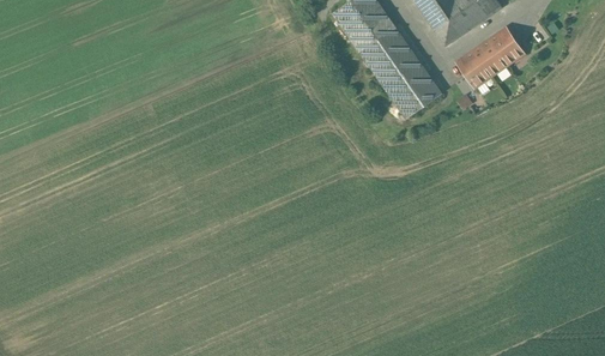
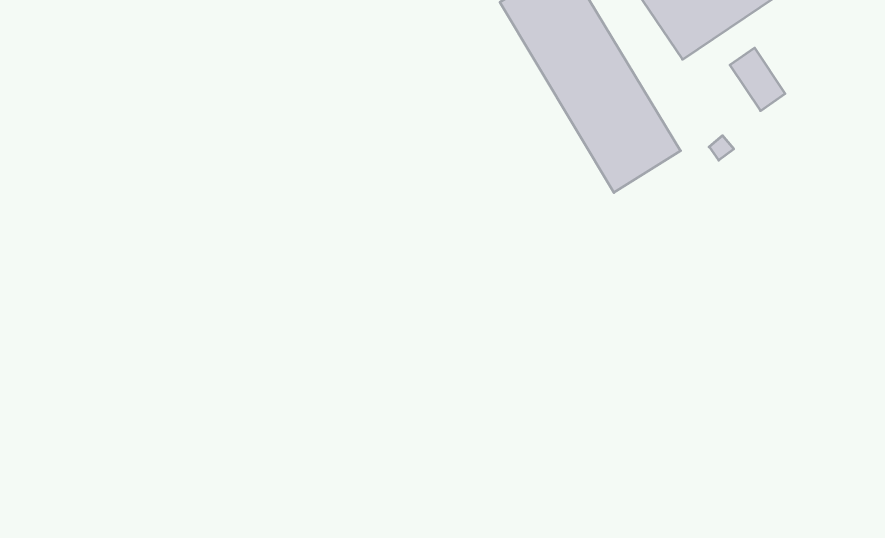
building: [490,26,526,66] -> none
building: [458,48,494,88] -> none

